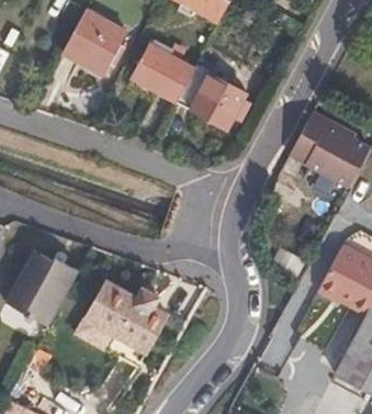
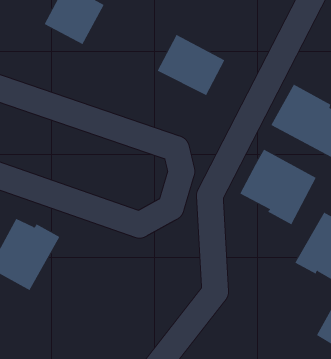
building: [131,42,194,101] -> none
building: none -> [239,149,317,225]
building: [83,281,168,353] -> none

